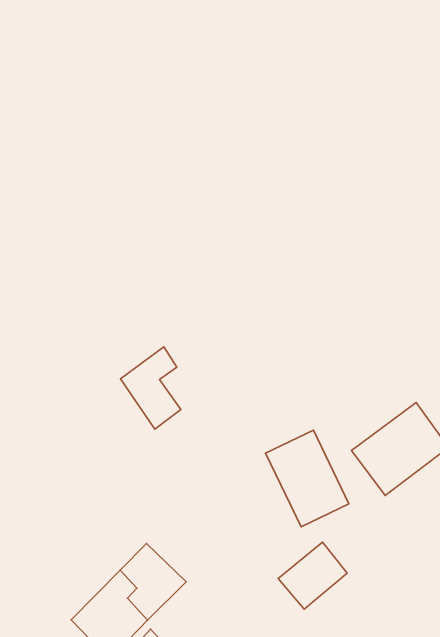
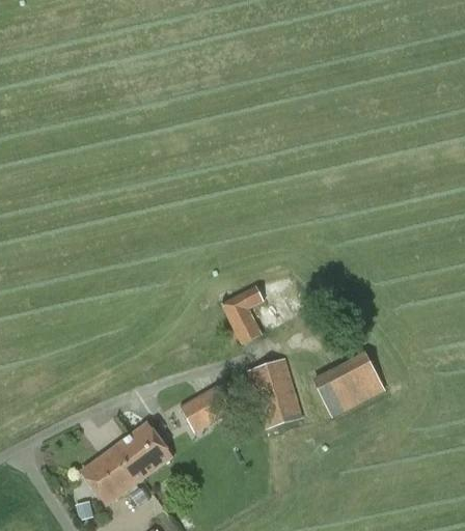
building: [120,347,181,429] -> [221,284,265,344]
building: [278,542,347,609] -> [180,385,231,432]

